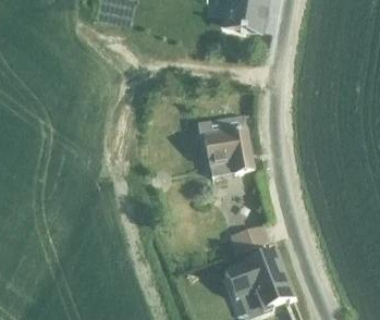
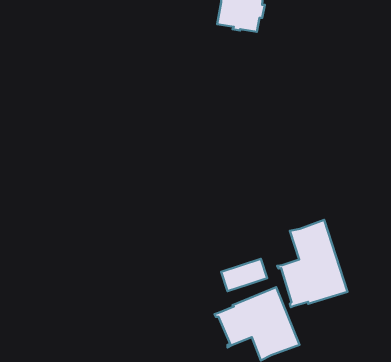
building: [195,114,252,176] -> none
building: none -> [277,220,348,307]

